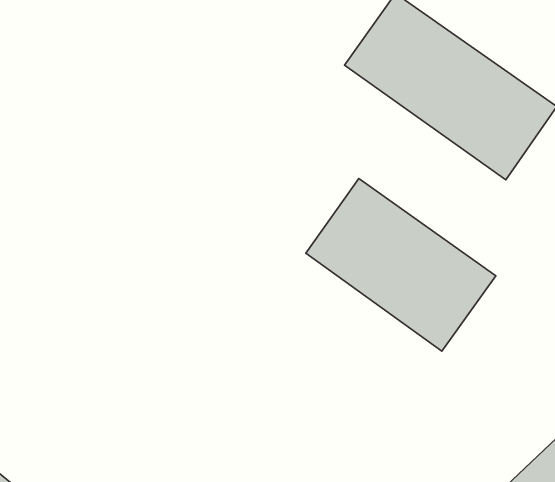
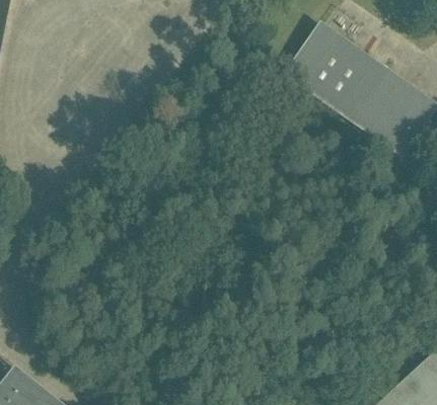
building: [306,178,496,351] -> none

